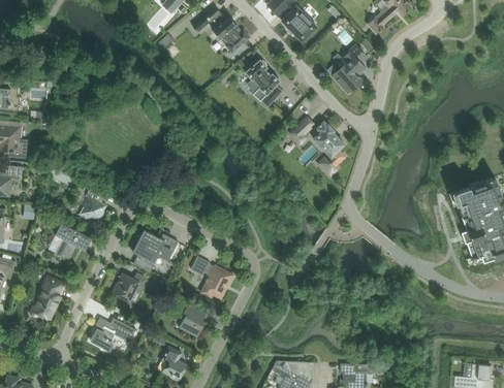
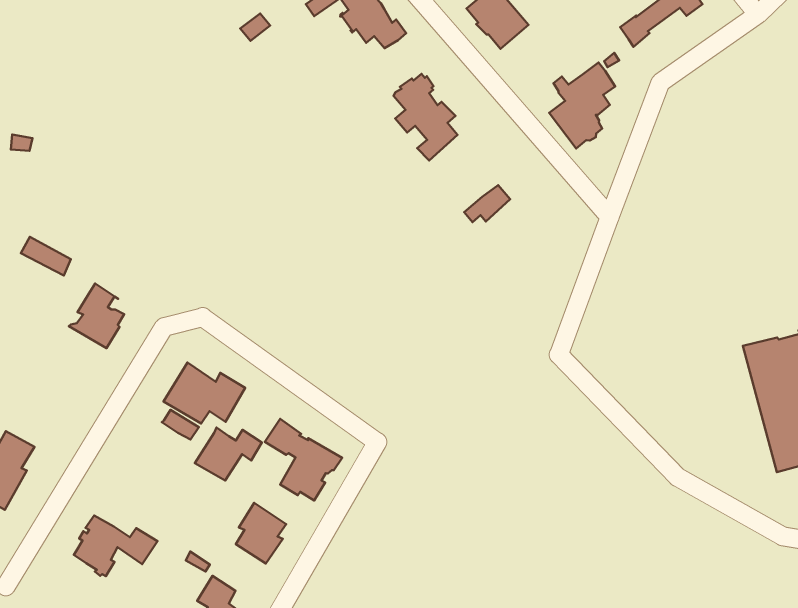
building: [313,122,345,176] -> none
building: [54,223,90,262] -> none
building: [112,272,148,301] -> [195,428,262,481]

